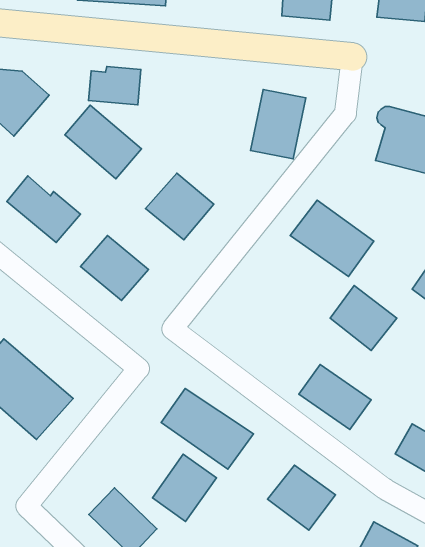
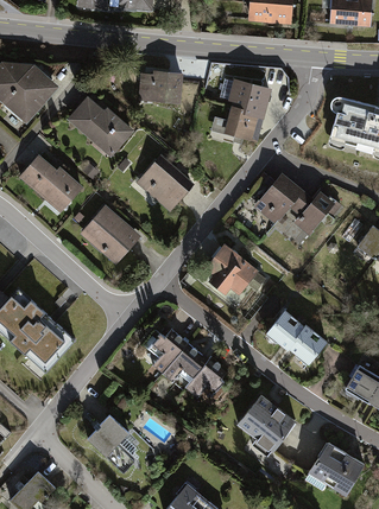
building: [88,67,141,105] -> [139,69,183,101]
building: [330,285,397,351] -> [204,242,260,297]
building: [152,454,216,522] -> none

